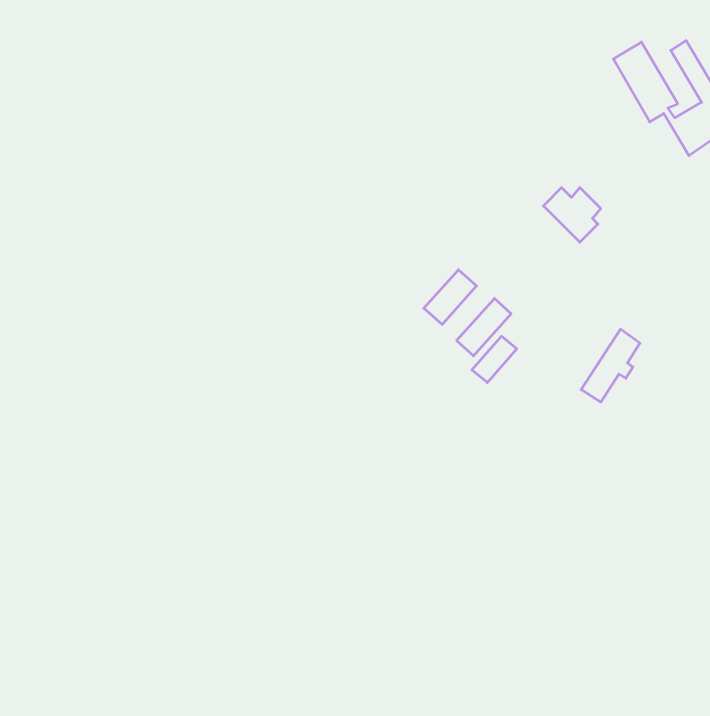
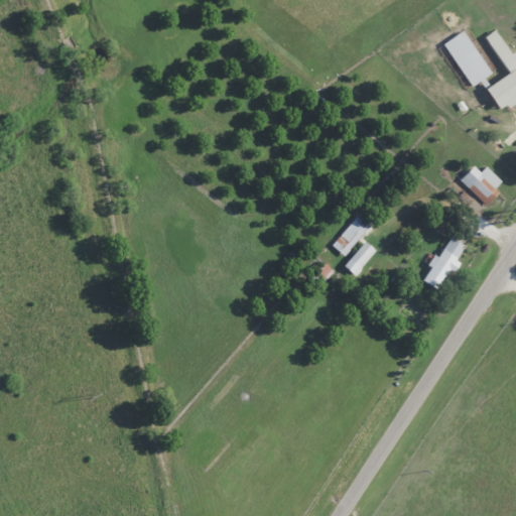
building: [543,188,601,242] -> [461,166,502,206]
building: [424,270,477,324] -> none

